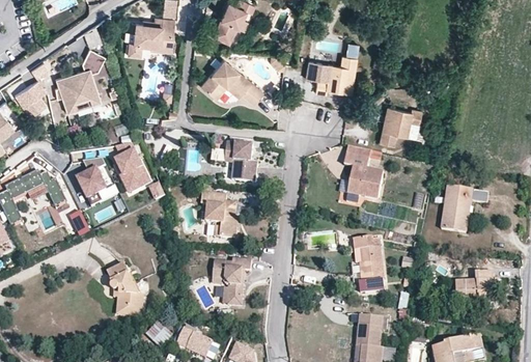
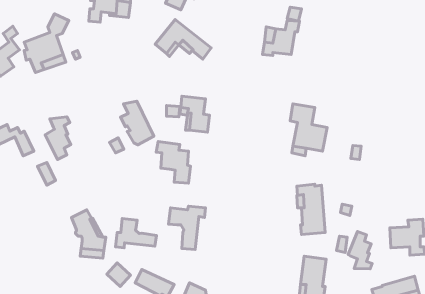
building: [380,107,422,145] -> none
building: [113,146,149,194] -> [121,101,154,145]
building: [442,188,488,234] -> none
building: none -> [116,219,156,248]
building: none -> [348,232,372,269]

